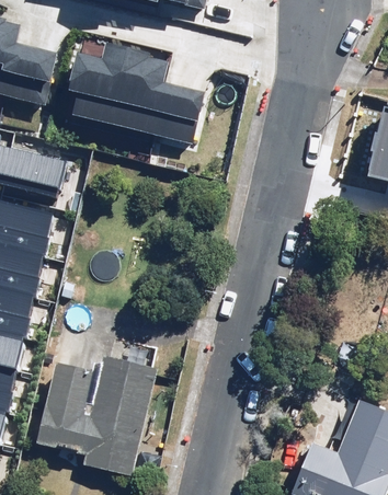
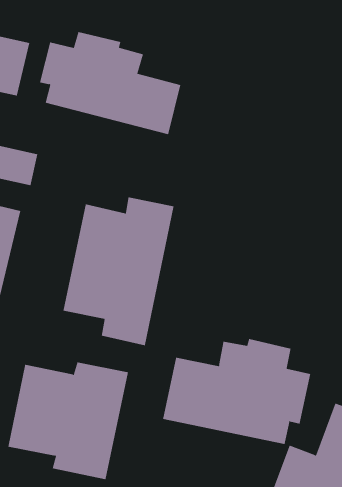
building: none -> [63,196,174,346]
building: none -> [162,338,311,445]

